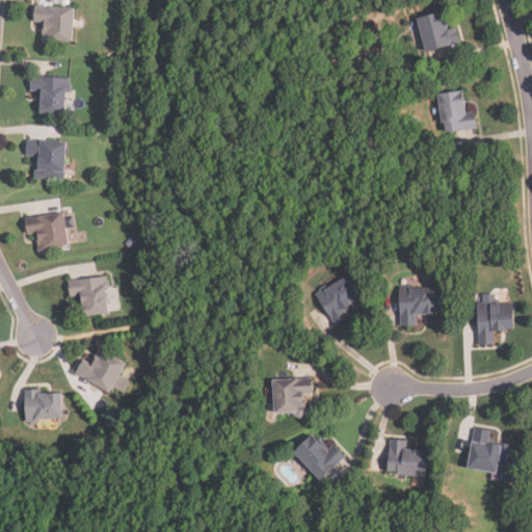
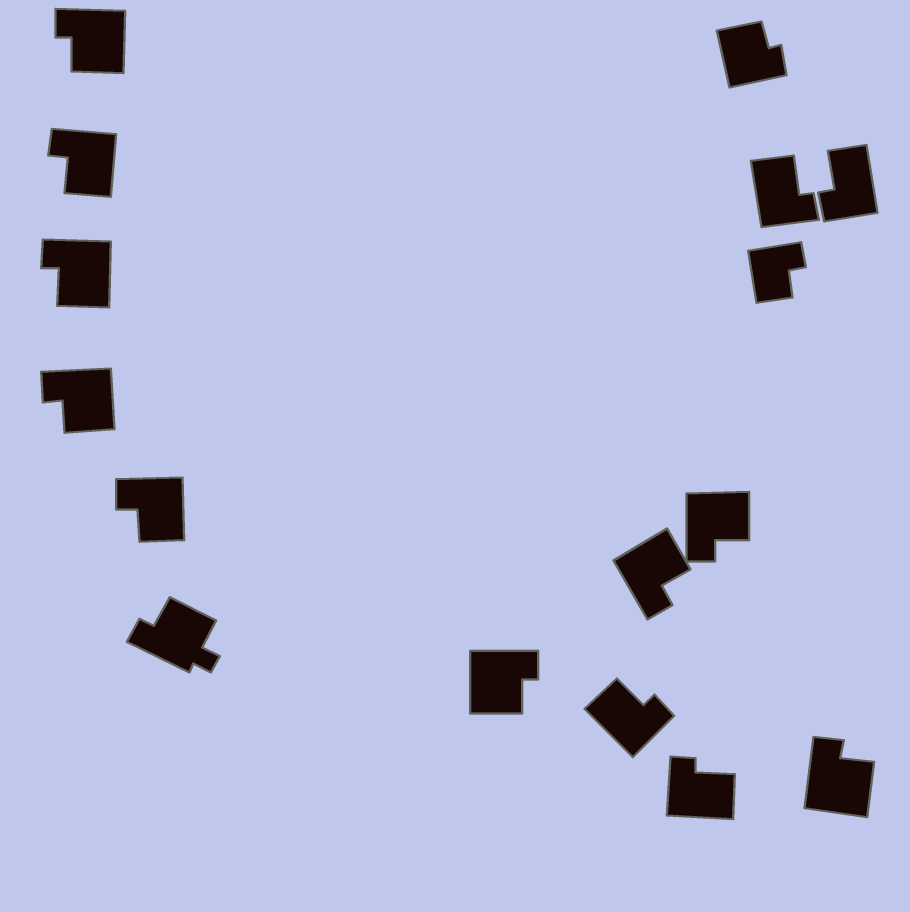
building: none -> [818,145,878,222]
building: none -> [748,242,806,303]
building: [315,274,360,327] -> [614,528,691,620]
building: [477,293,512,344] -> none
building: [24,391,60,421] -> none
building: [292,435,344,481] -> [585,678,674,757]

